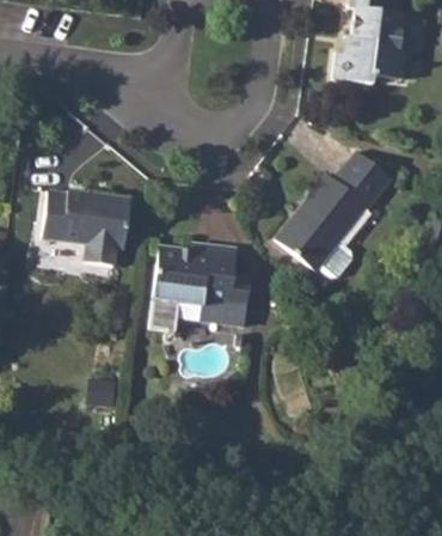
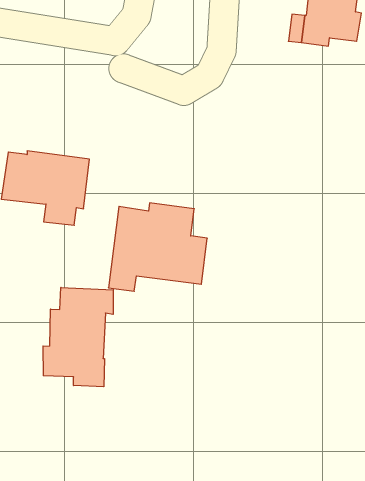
building: [275,150,392,276] -> none
building: none -> [43,287,113,387]

